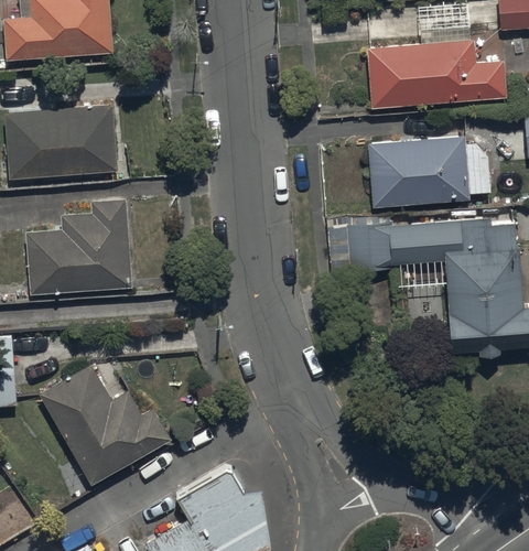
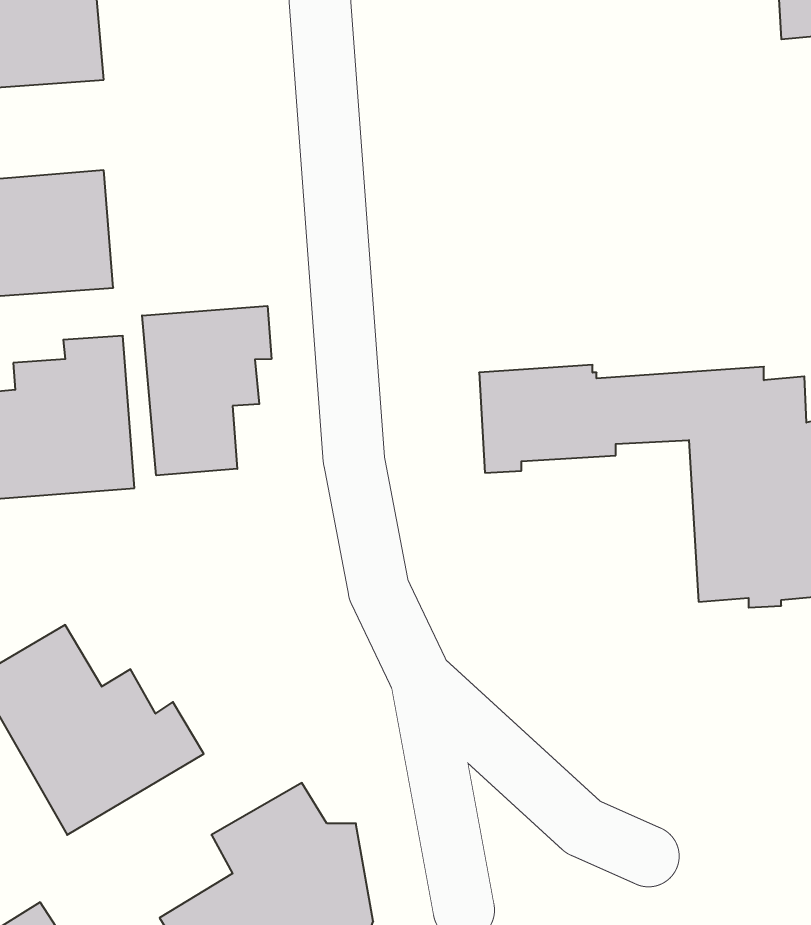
building: [367,39,507,109] -> none
building: [368,137,490,207] -> none
building: none -> [142,306,271,475]

